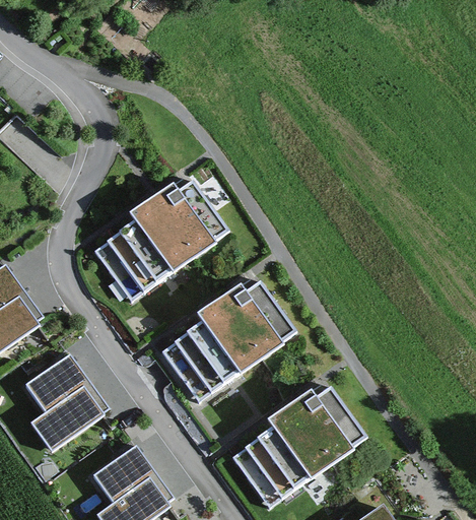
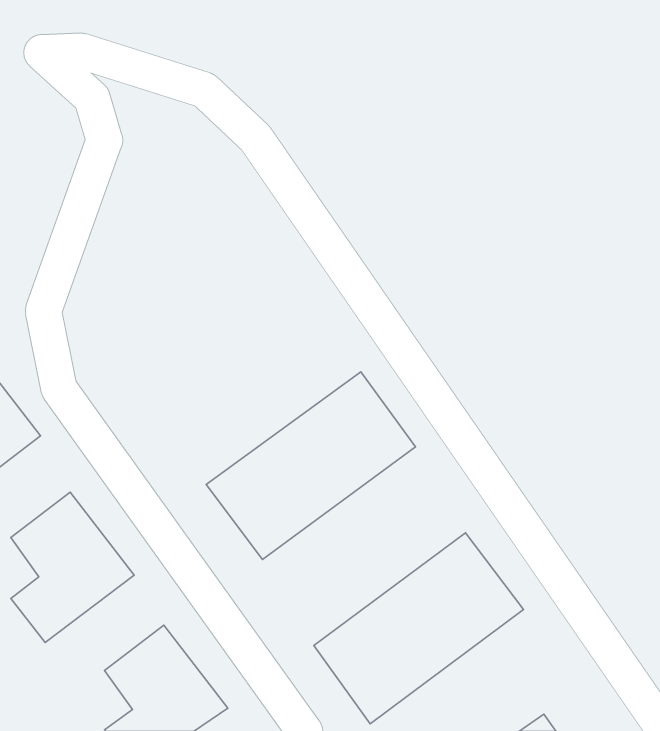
building: [89,182,227,305] -> none

